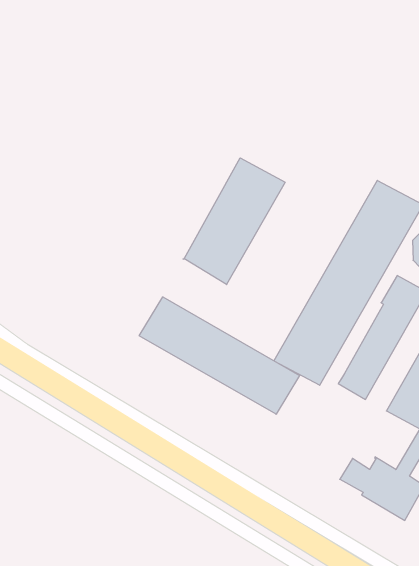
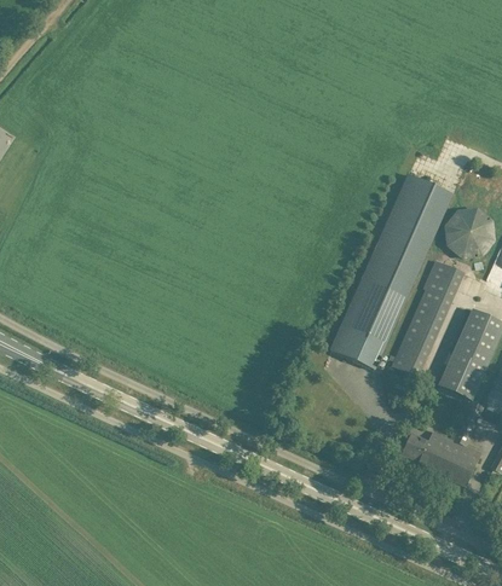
building: [183,158,285,285] -> none
building: [139,297,300,414] -> none

